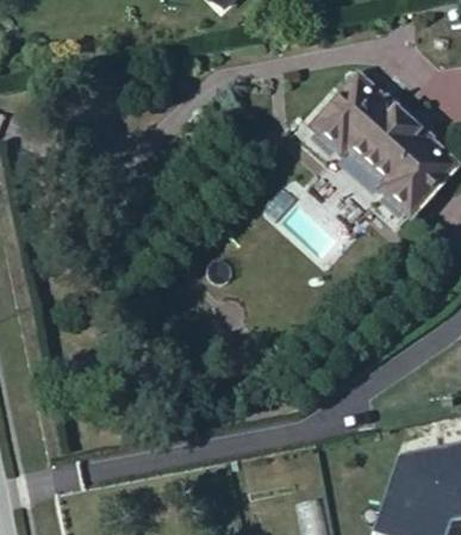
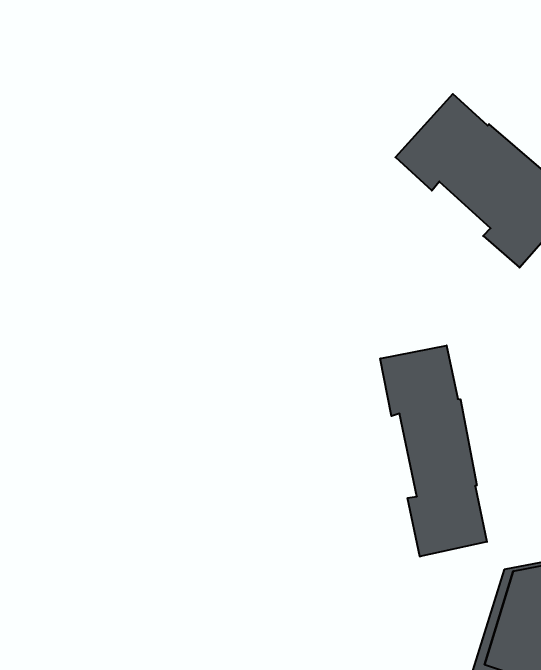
building: none -> [380,345,487,557]

